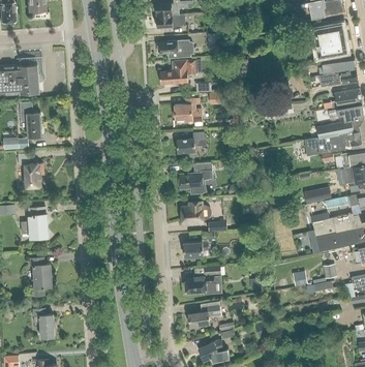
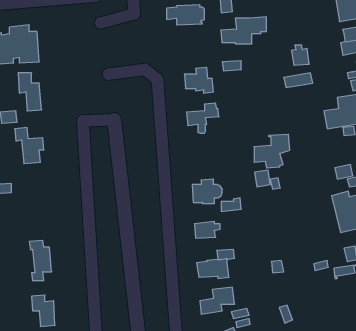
building: [159,60,202,85] -> [221,17,266,44]
building: [180,163,213,194] -> [254,134,290,168]
building: [22,208,49,239] -> none

